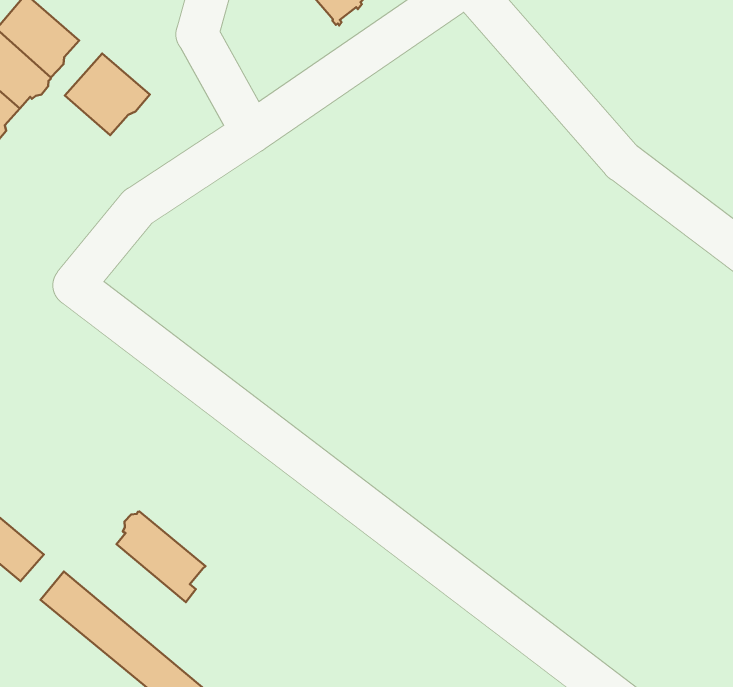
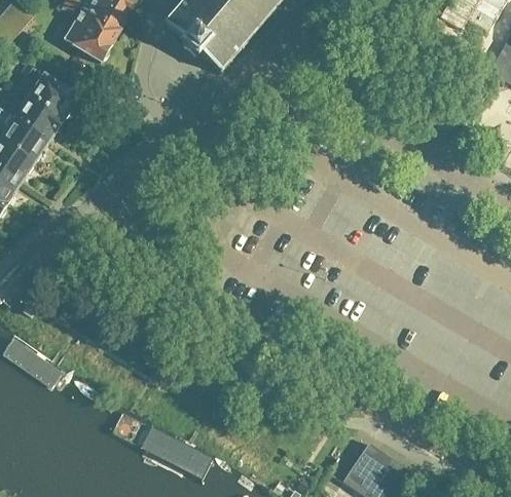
building: [65,54,150,135] -> none
building: [116,511,206,602] -> none

